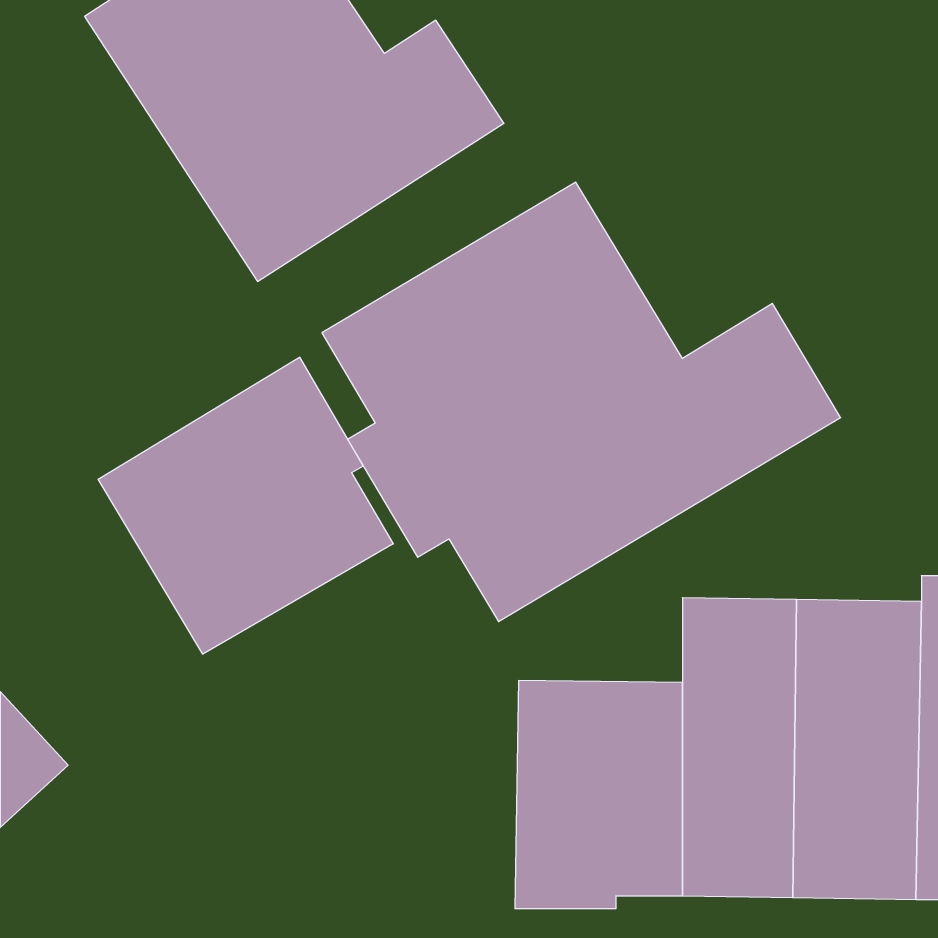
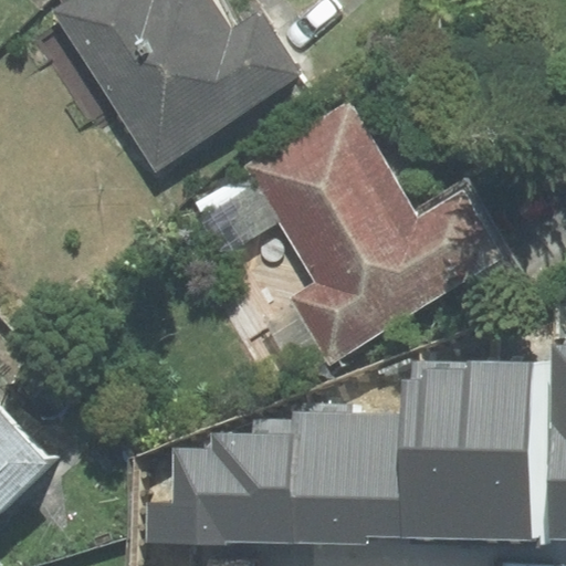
building: [98,357,393,654] -> none
building: none -> [147,409,313,546]

